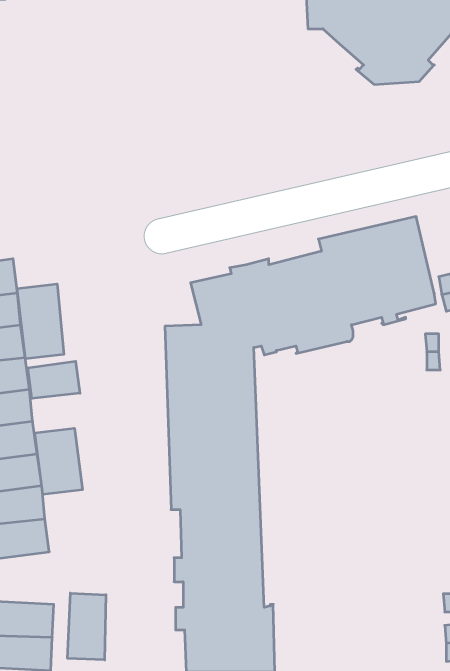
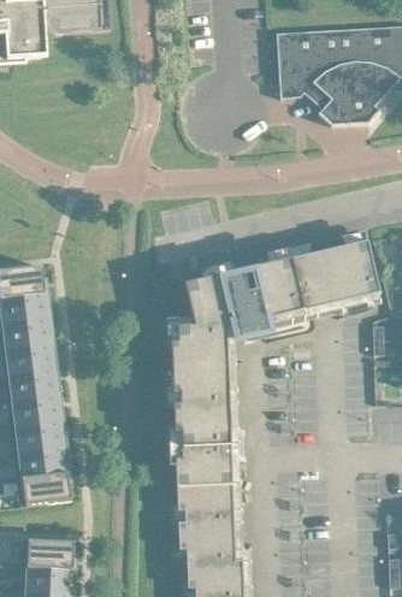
building: [17,284,64,359] -> none
building: [28,361,80,398] -> none
building: [35,428,82,495] -> none
building: [68,593,106,660] -> none

